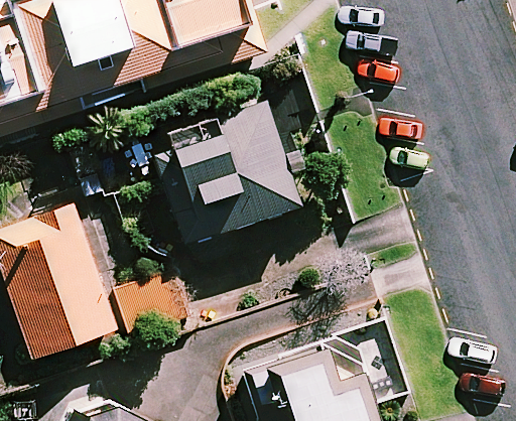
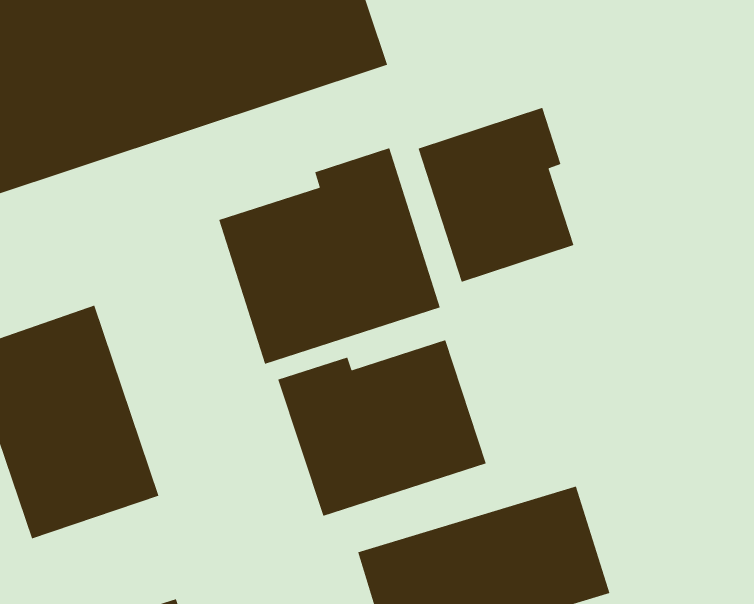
building: none -> [418,107,574,283]
building: none -> [277,339,487,517]

